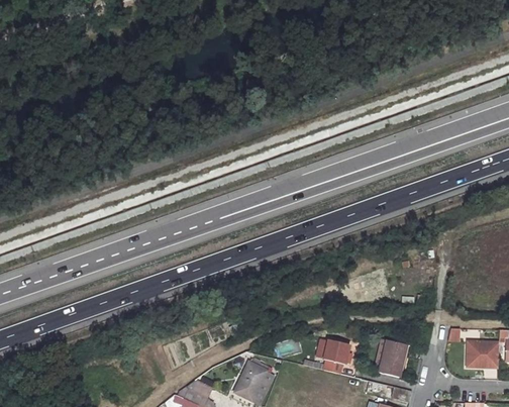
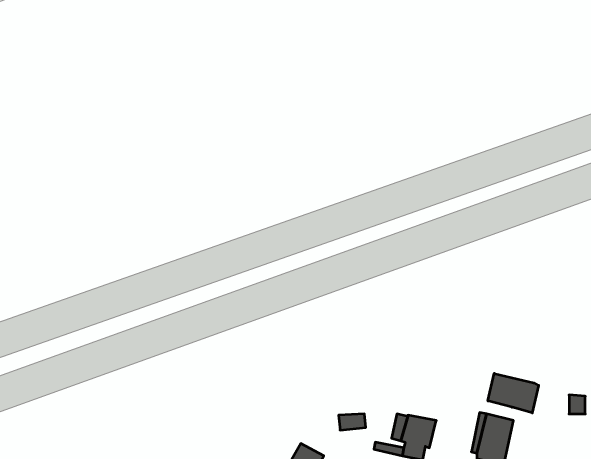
building: none -> [488,373,539,413]

